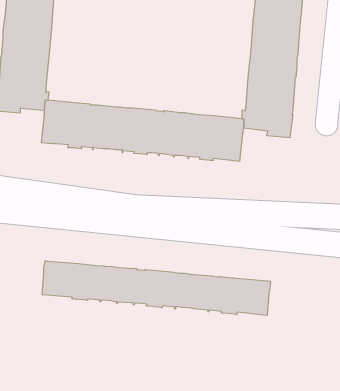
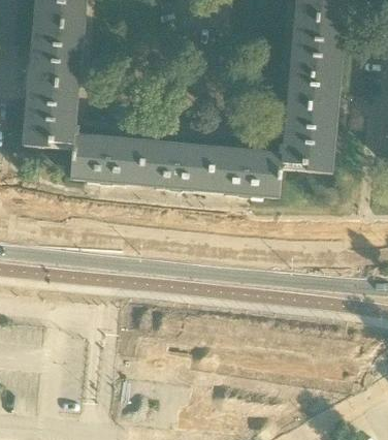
building: [42,261,270,315] -> none

